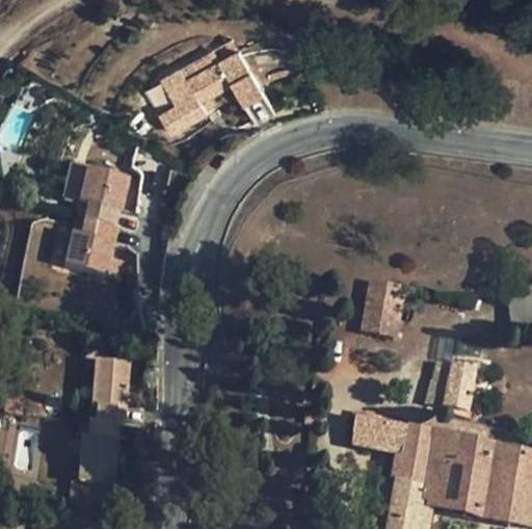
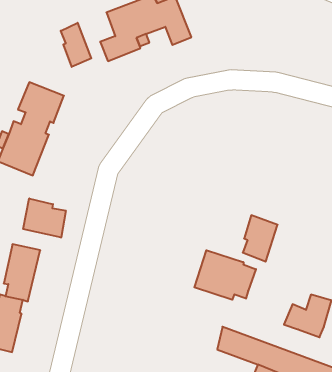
building: none -> [61,23,91,67]
building: none -> [23,198,66,238]
building: none -> [194,250,256,300]

